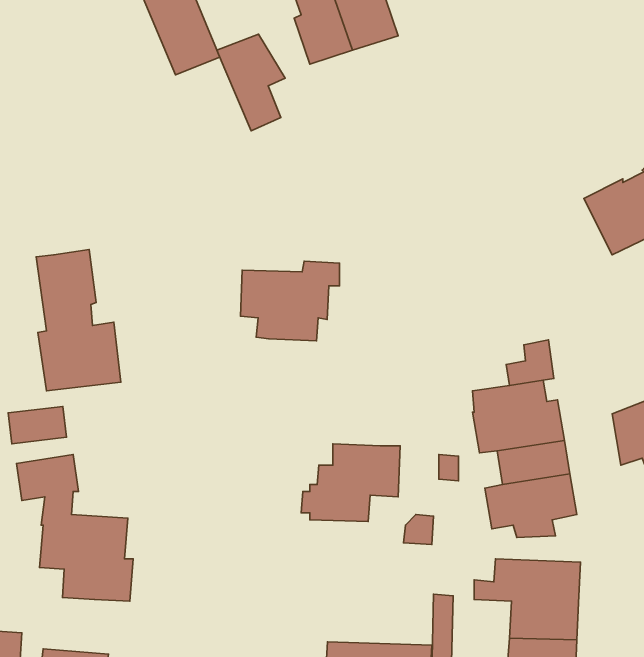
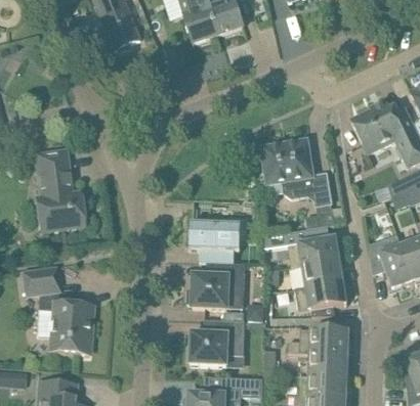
building: [217,34,285,131] -> none
building: none -> [261,139,316,196]
building: [240,261,339,341] -> [190,217,247,263]
building: [8,406,67,444] -> none
building: none -> [190,319,245,365]

